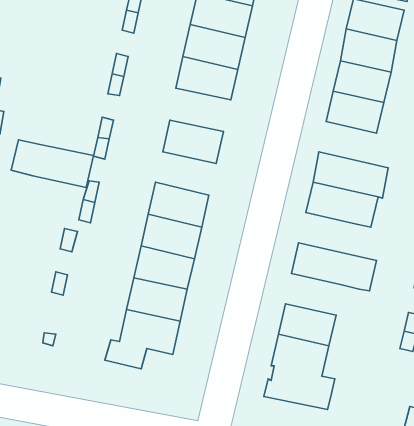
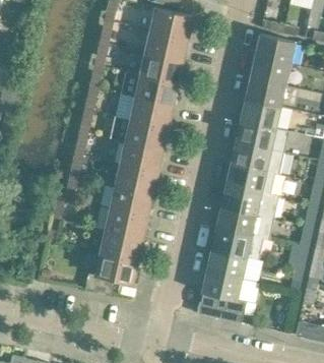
building: none -> [235,120,288,153]
building: [11,140,94,187] -> [115,94,173,127]
building: none -> [120,141,163,172]
building: none -> [220,184,279,218]
building: none -> [211,227,263,259]

